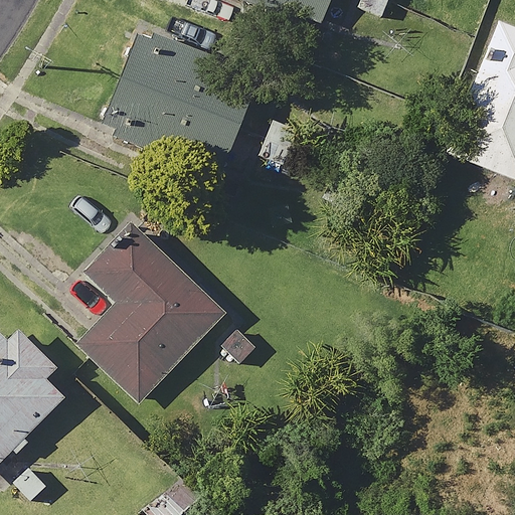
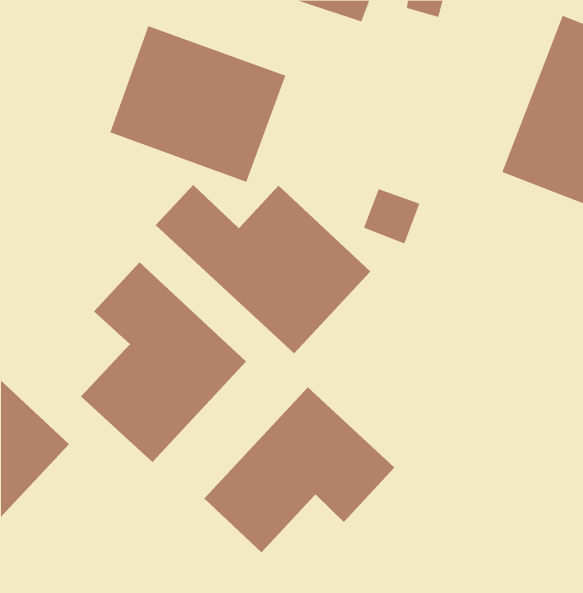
building: none -> [155,184,371,354]
building: none -> [204,387,395,553]

